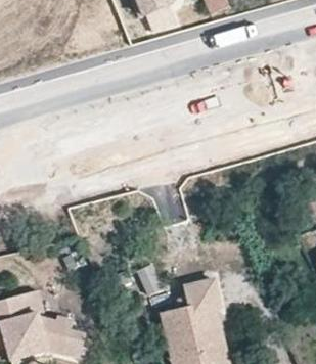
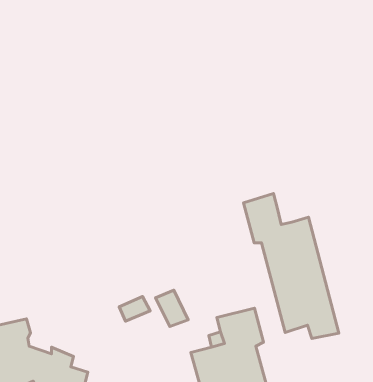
building: none -> [243,193,339,339]

